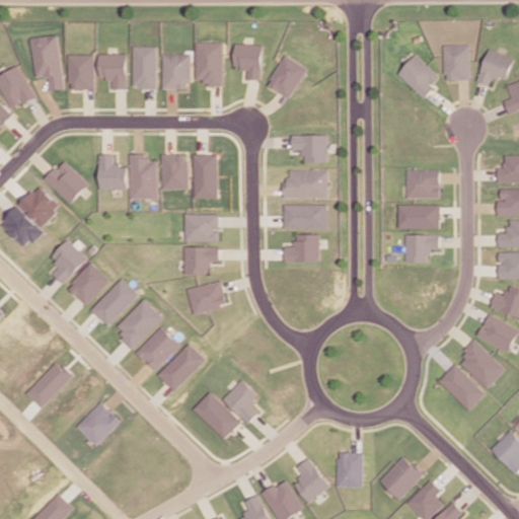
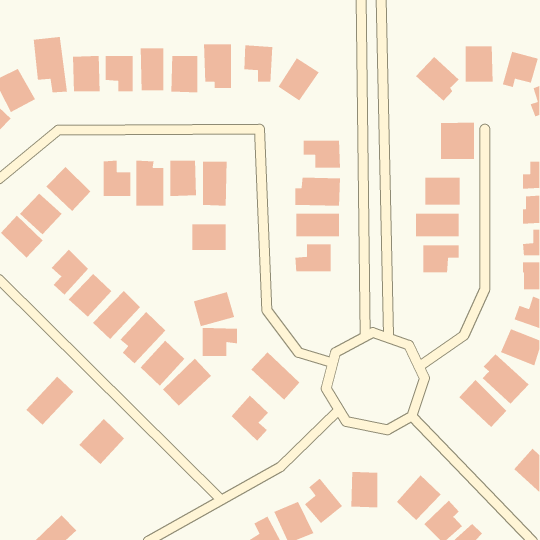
building: none -> [440,122,475,160]
building: [182,246,217,275] -> [202,327,238,357]
building: [191,392,238,439] -> [250,352,300,400]

